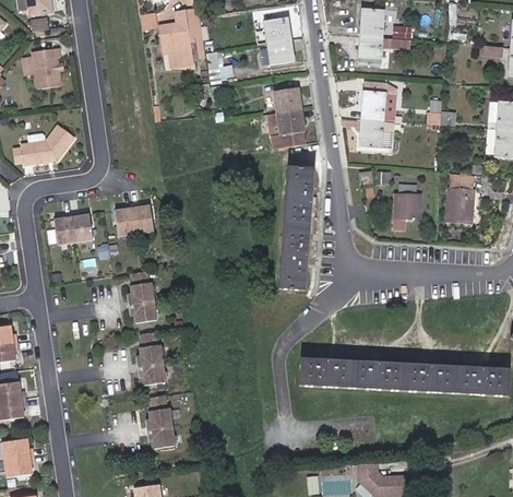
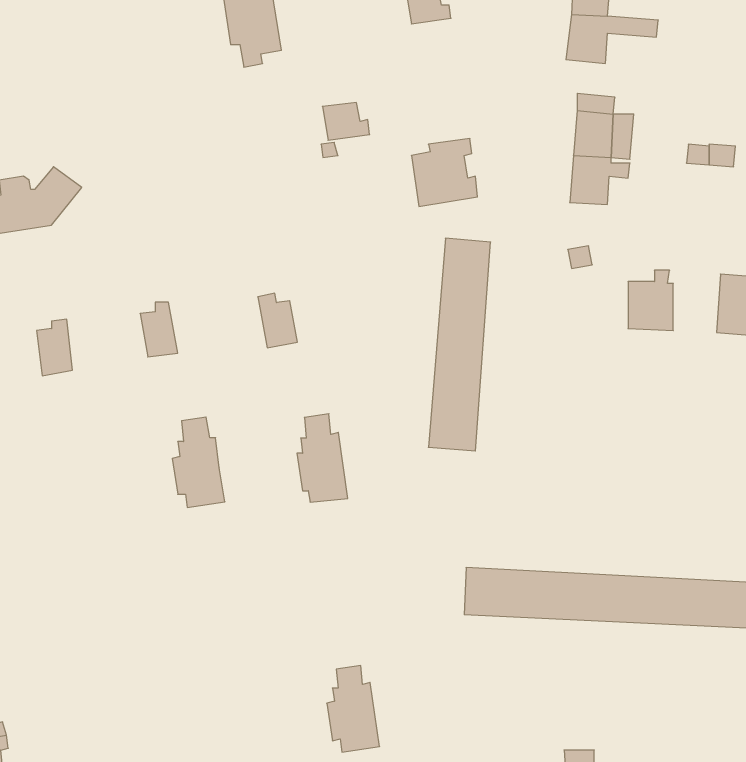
building: [269,38,293,63] -> none
building: [35,46,63,88] -> none
building: [275,90,302,111] -> [322,103,370,140]
building: [128,201,151,233] -> [258,293,297,348]
building: [69,211,91,242] -> none
building: [140,331,169,382] -> [297,414,348,502]
building: [147,395,178,446] -> [327,666,380,752]

